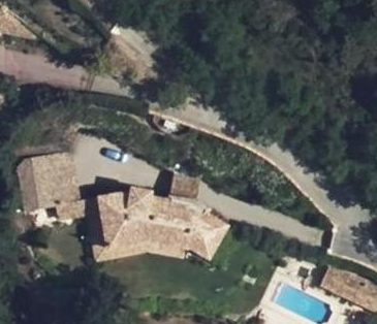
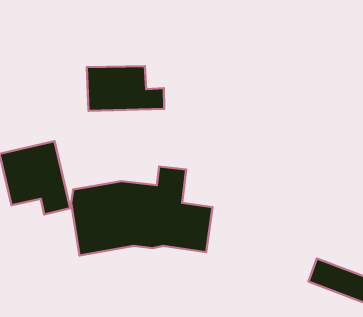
building: none -> [87,66,164,111]

